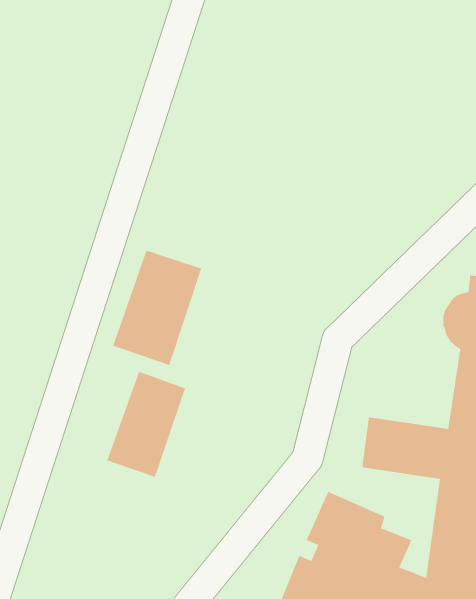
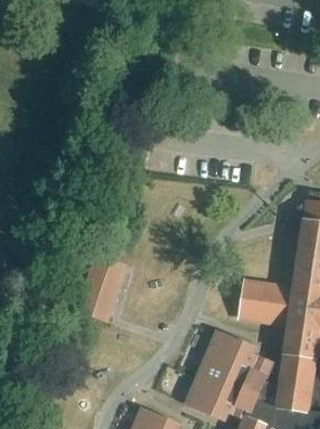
building: [112,250,202,366] -> none

